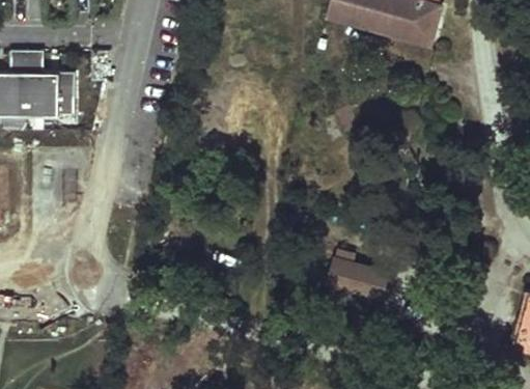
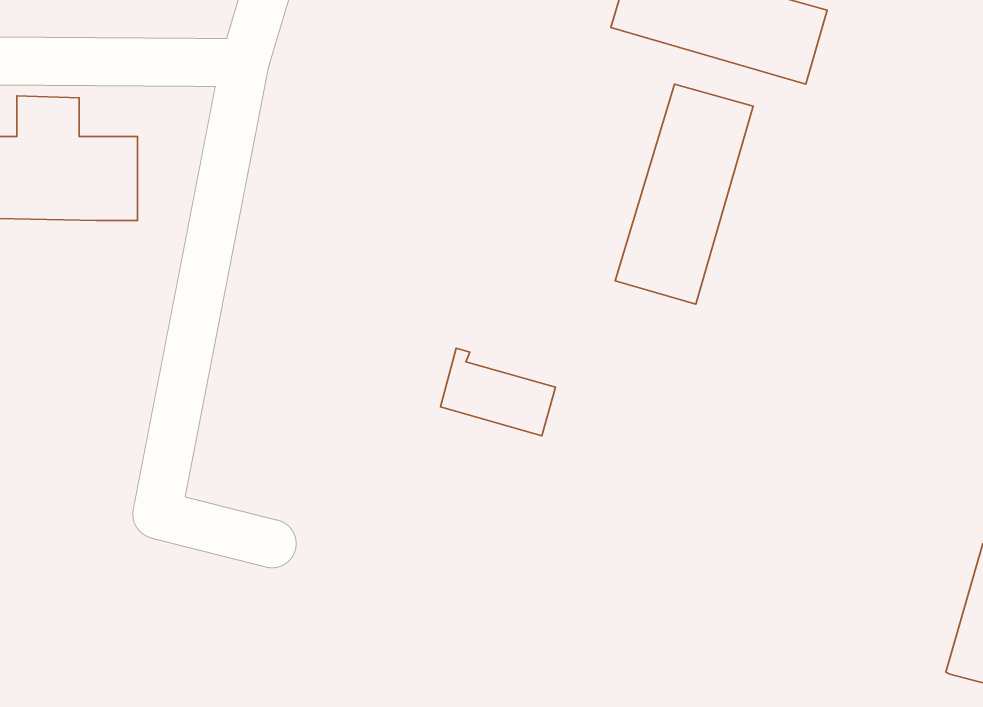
building: none -> [615,84,753,304]
building: [326,255,387,302] -> [441,348,556,436]

